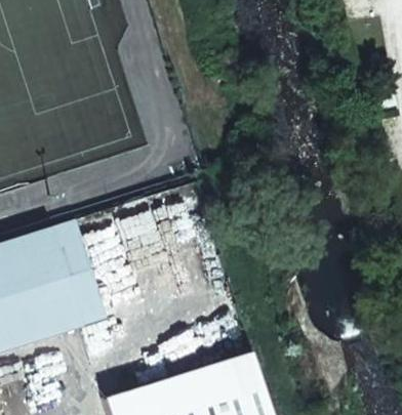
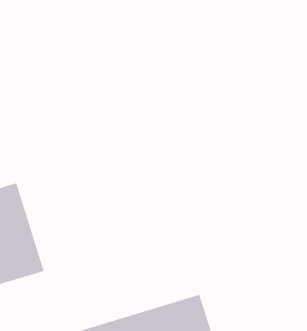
building: [47,218,108,326] -> none

